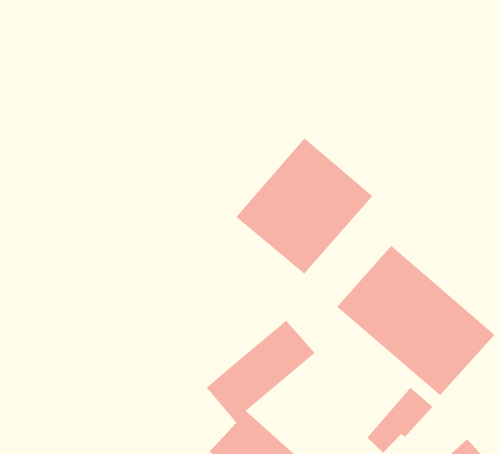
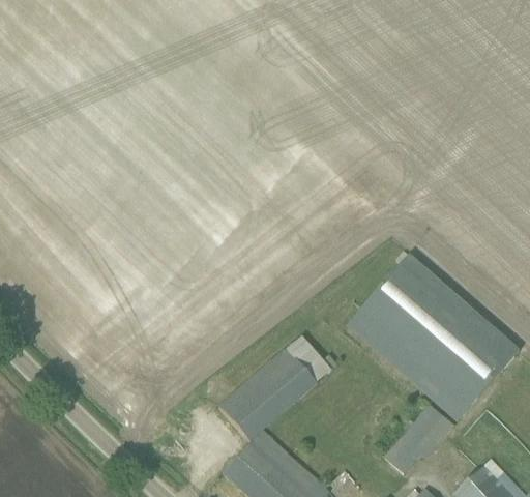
building: [236,138,373,275] -> none

